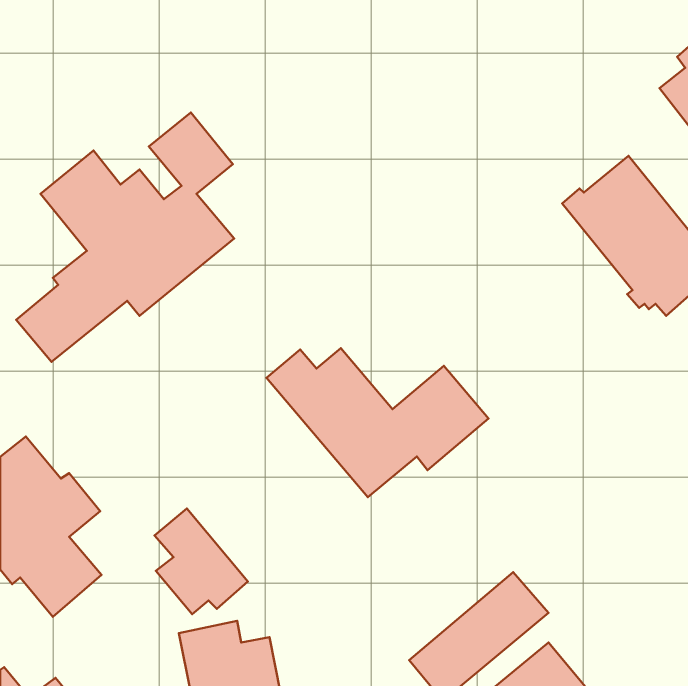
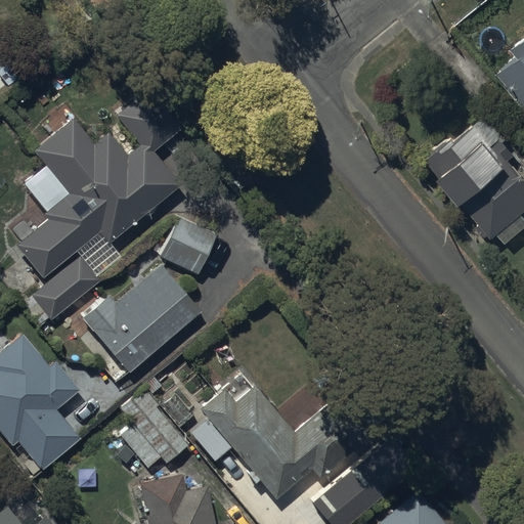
building: none -> [159,218,216,275]
building: none -> [32,258,99,321]
building: none -> [82,264,202,375]
building: [266,348,488,497] -> [199,388,366,500]

